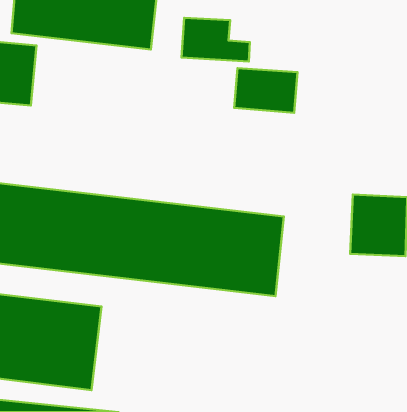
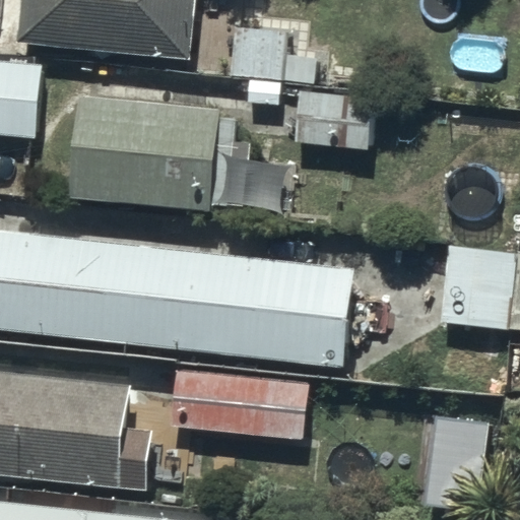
building: none -> [67,95,219,215]
building: none -> [168,365,309,434]

